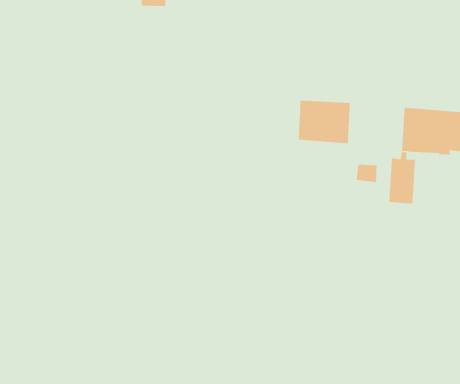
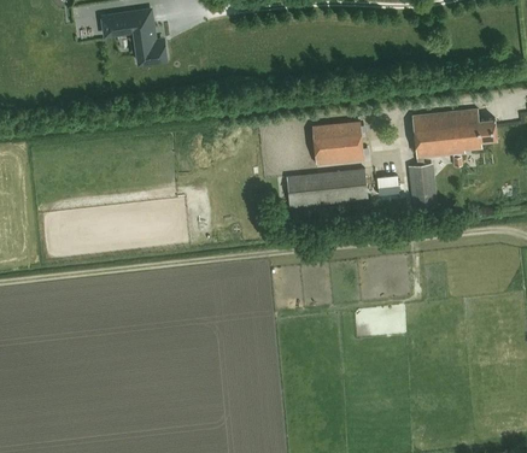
building: none -> [286,169,367,207]

